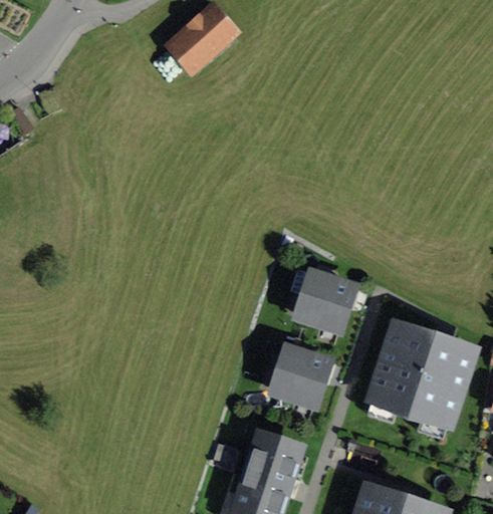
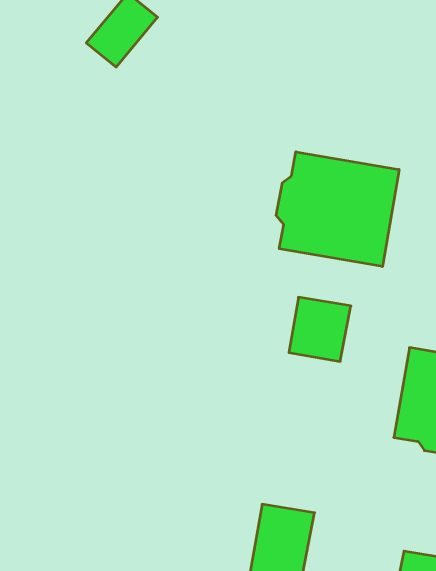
building: none -> [276,152,399,267]
building: [270,349,325,406] -> none

